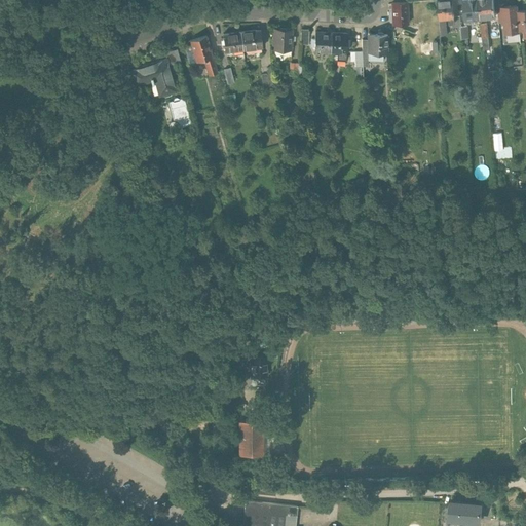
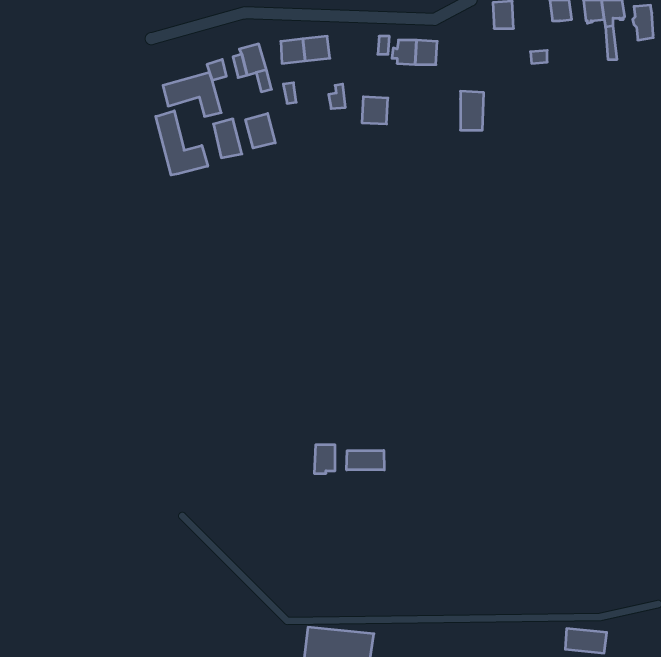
building: [272,31,293,52] -> [362,97,388,124]
building: [369,36,387,67] -> [460,91,484,130]
building: none -> [156,111,208,175]
building: none -> [246,113,275,148]
building: none -> [347,450,384,470]
building: [239,422,262,454] -> none

